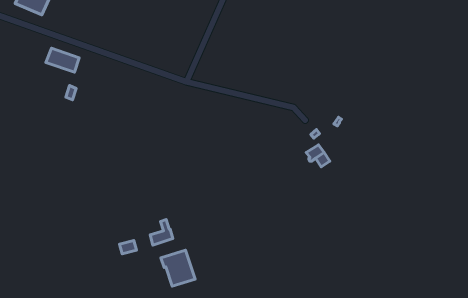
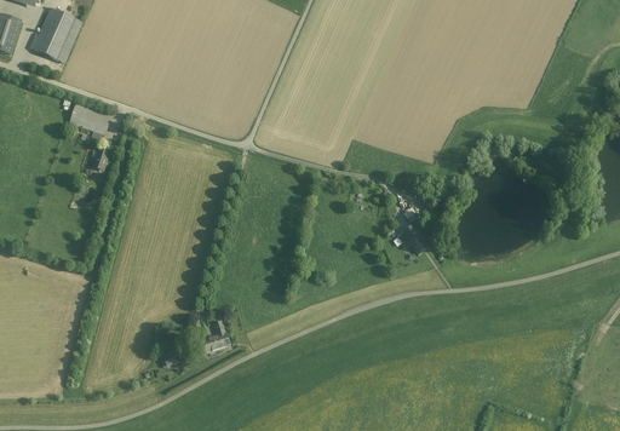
building: [161,250,195,286] -> none

